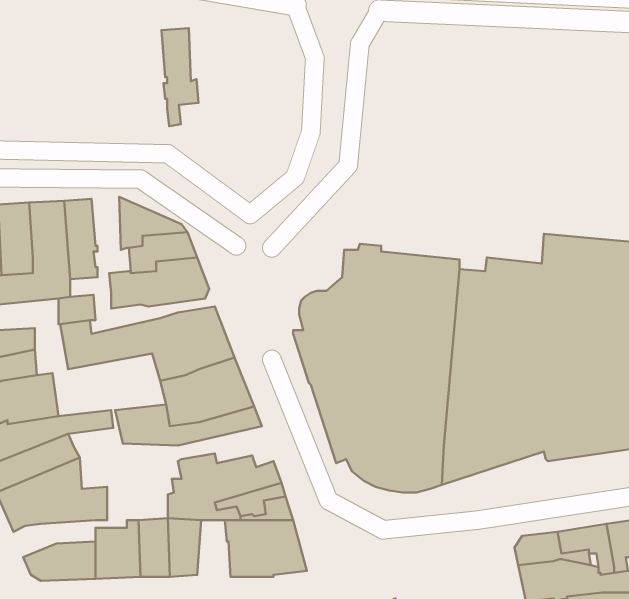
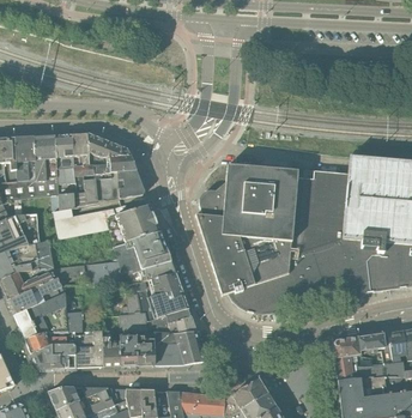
building: [161,28,199,126] -> [72,132,95,192]
building: none -> [125,272,183,297]
building: none -> [24,329,74,352]
building: none -> [137,329,154,363]

